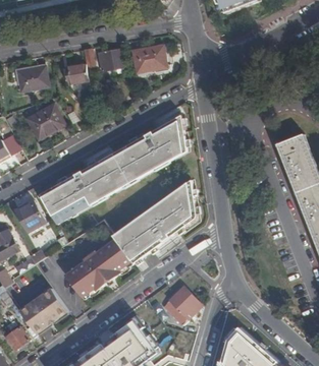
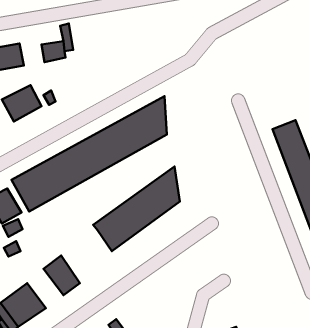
building: [132,47,166,73] -> none
building: [99,49,123,71] -> none
building: [83,240,134,289] -> none
building: [162,288,201,325] -> none

